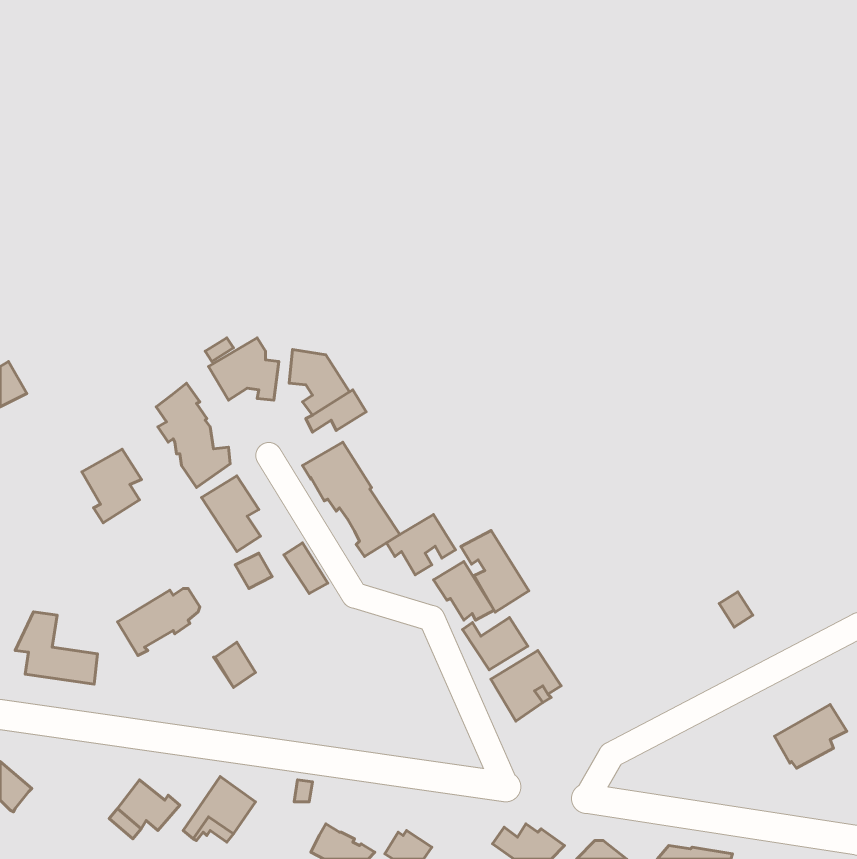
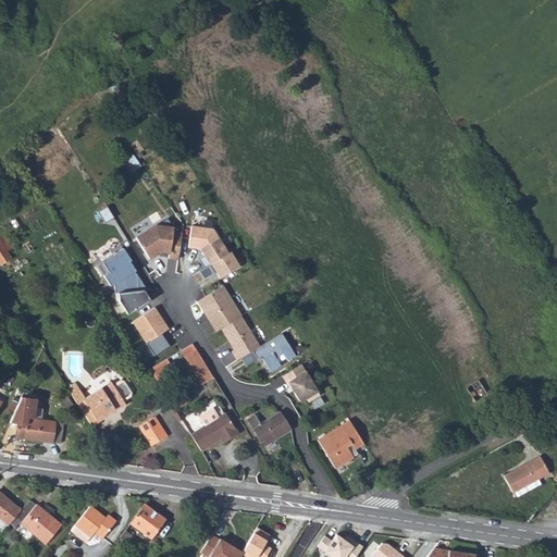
building: [82,449,141,523] -> none
building: [461,530,529,612] -> none
building: [462,618,528,670] -> [248,412,290,446]
building: none -> [190,408,238,451]
building: none -> [11,505,62,544]

